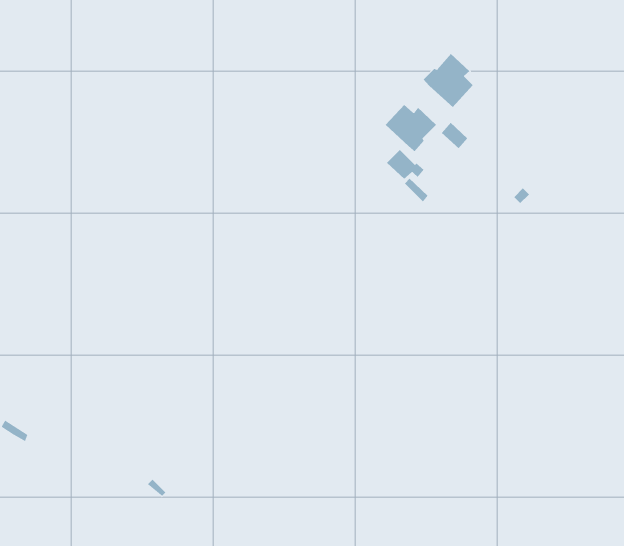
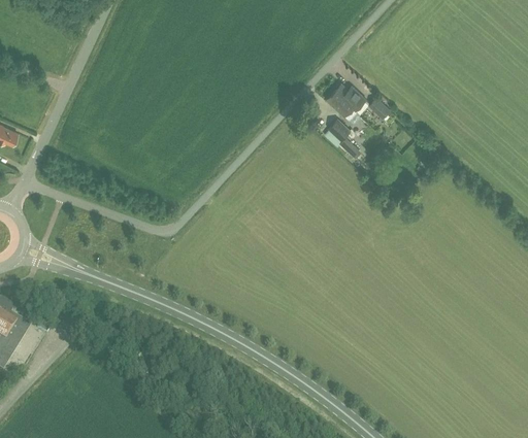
building: [423,53,474,108] -> none

